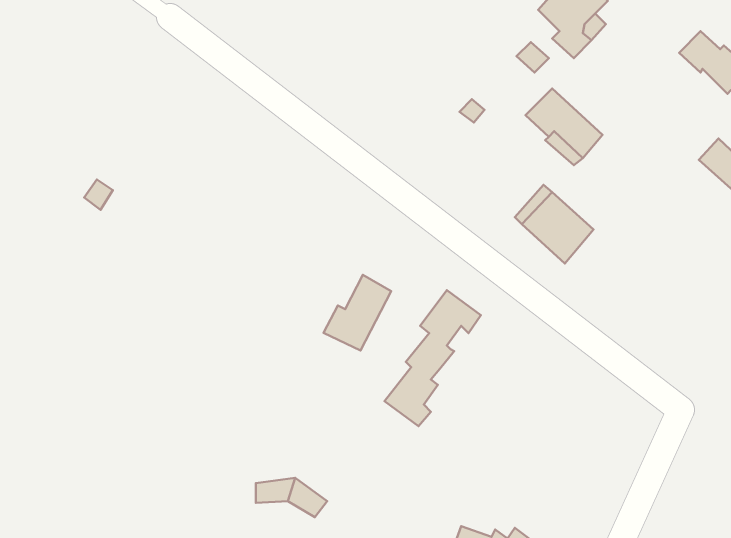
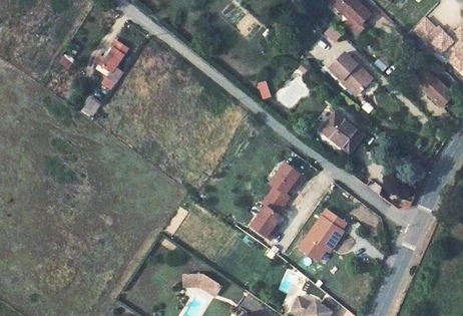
building: none -> [94,41,125,85]
building: [323,275,391,351] -> none
building: none -> [305,210,345,256]

